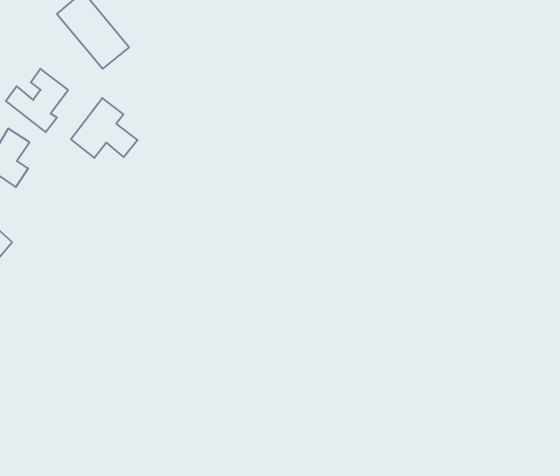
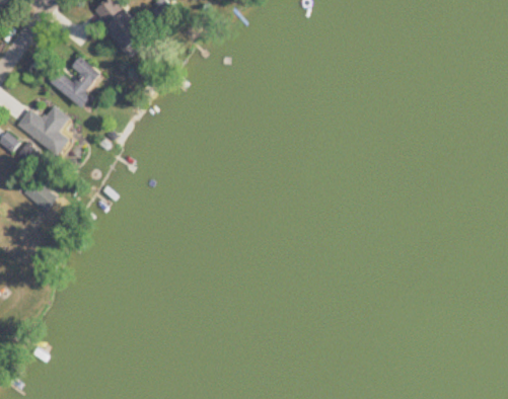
building: [71,98,138,158] -> none

